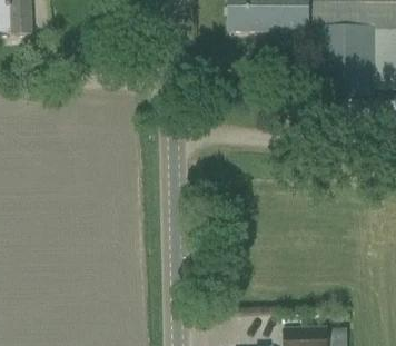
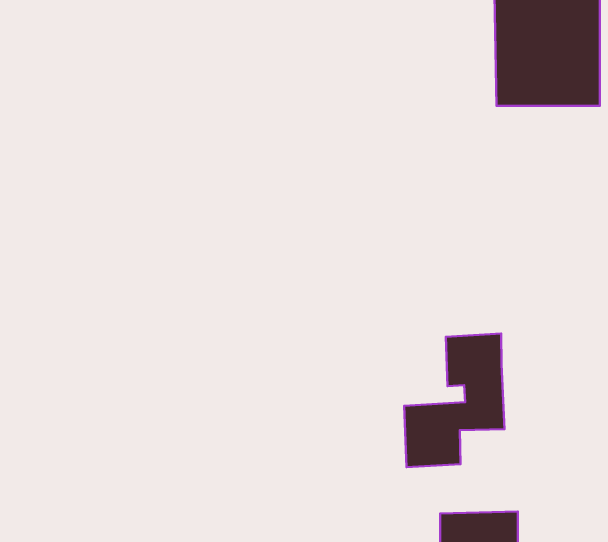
building: none -> [404,334,504,467]

